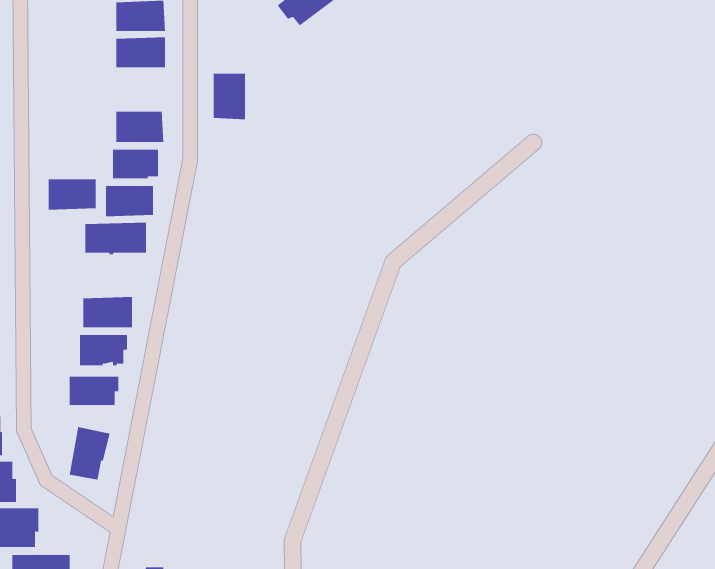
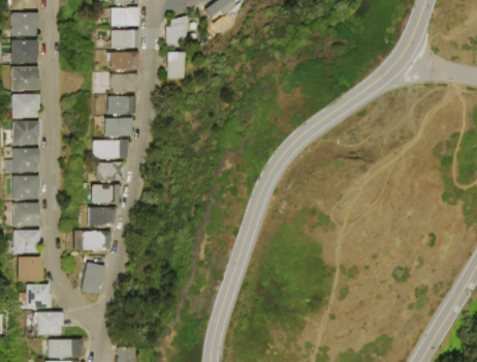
building: none -> [167,16,189,47]
building: none -> [109,53,138,70]
building: [48,179,96,210] -> [95,163,124,182]

